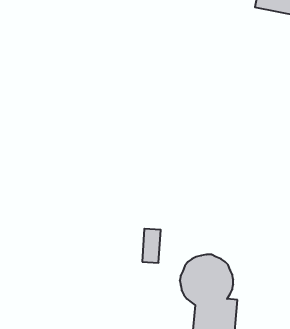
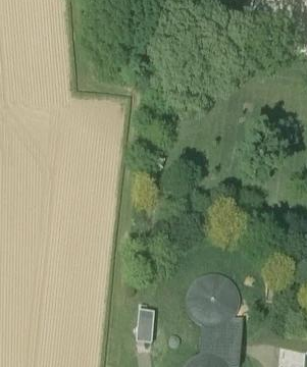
building: [142,229,161,263] -> [137,310,155,344]

